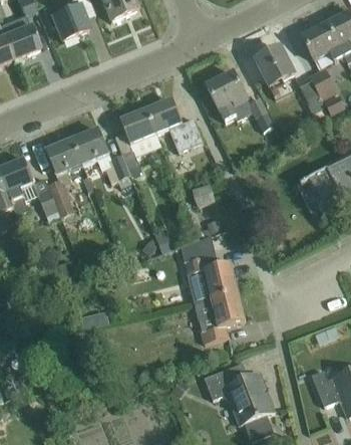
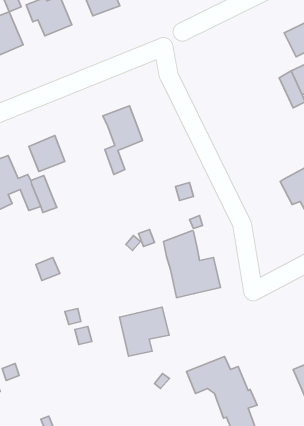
building: [256,47,294,86] -> none
building: [207,71,274,130] -> none
building: [146,97,203,151] -> none
building: [71,129,131,185] -> none
building: [195,291,245,341] -> [119,307,169,356]

